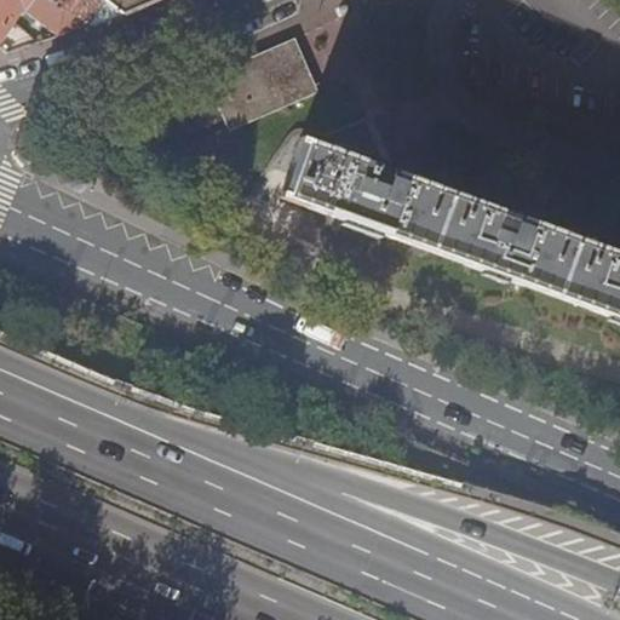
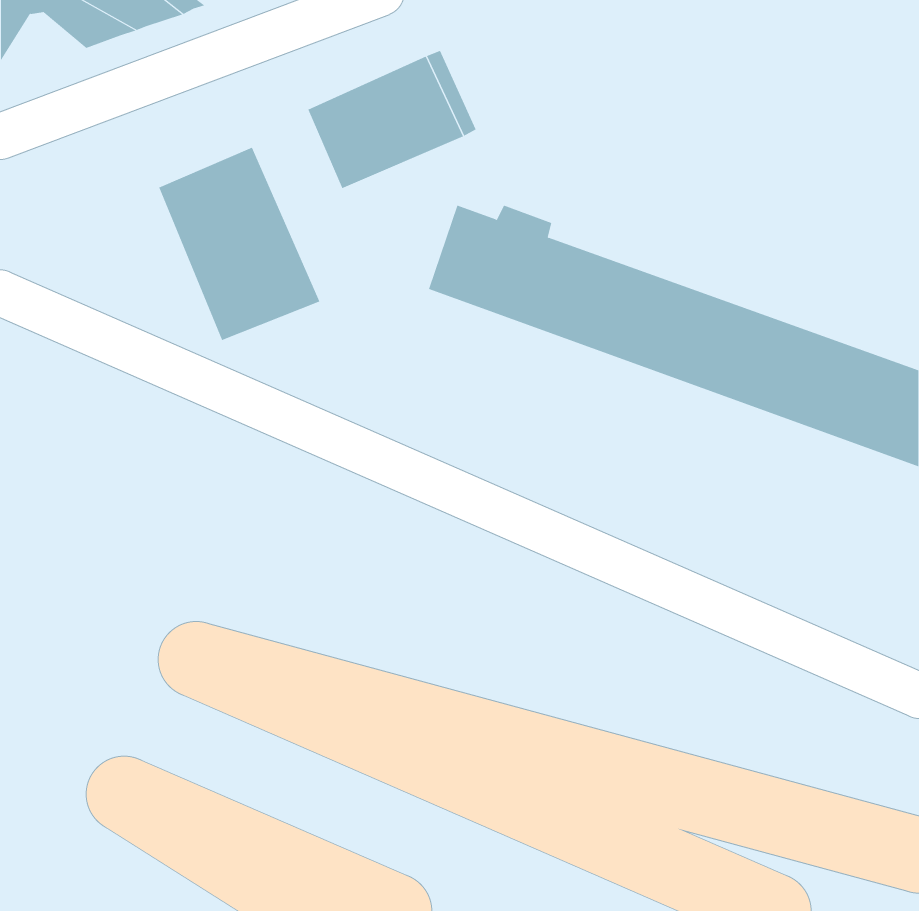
building: none -> [159,147,320,341]

